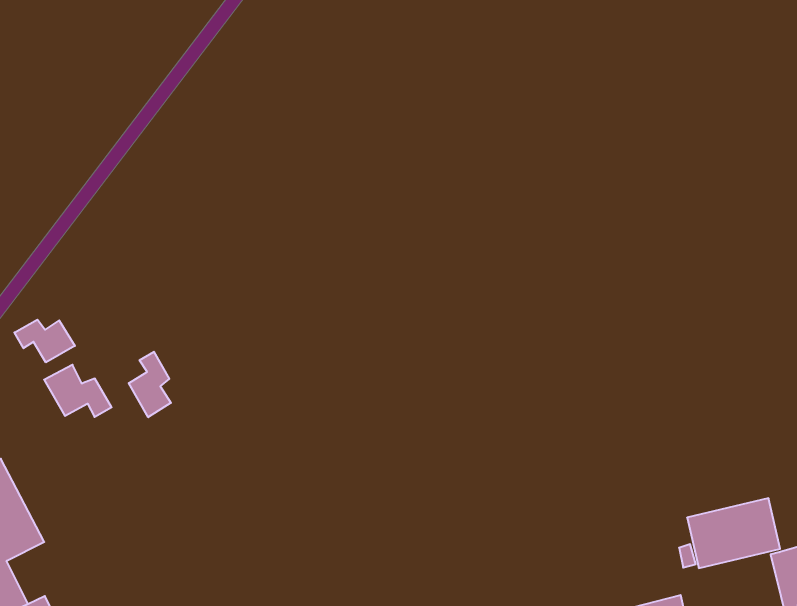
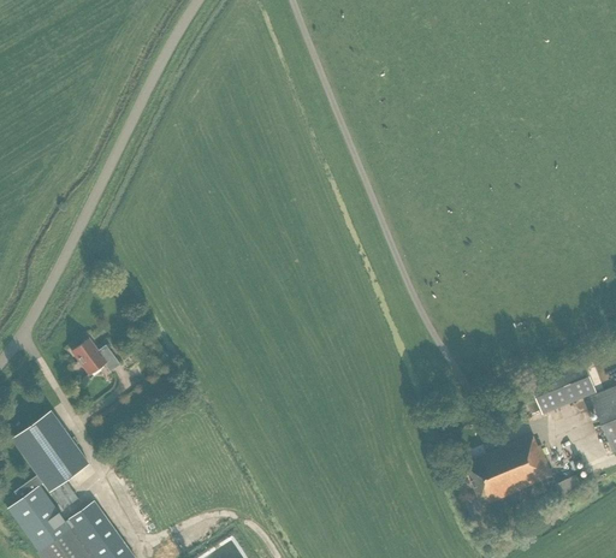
building: [14,320,75,362] -> none
building: [129,352,171,417] -> none

